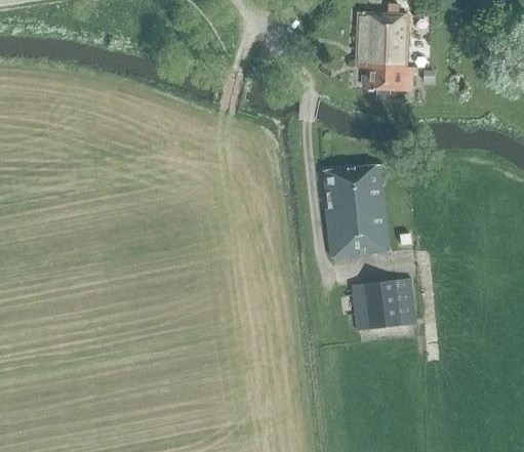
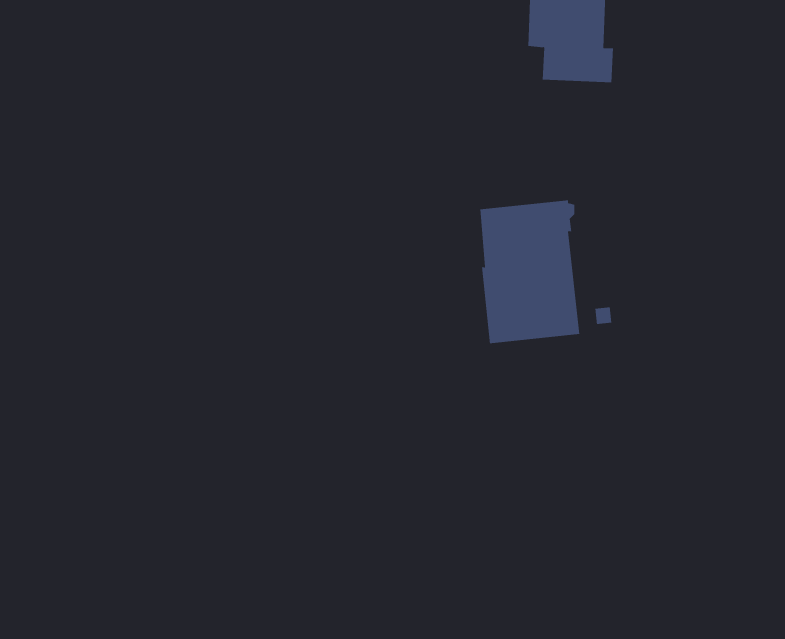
building: [352,279,417,338] -> none

